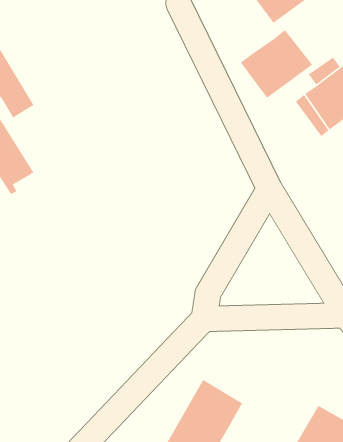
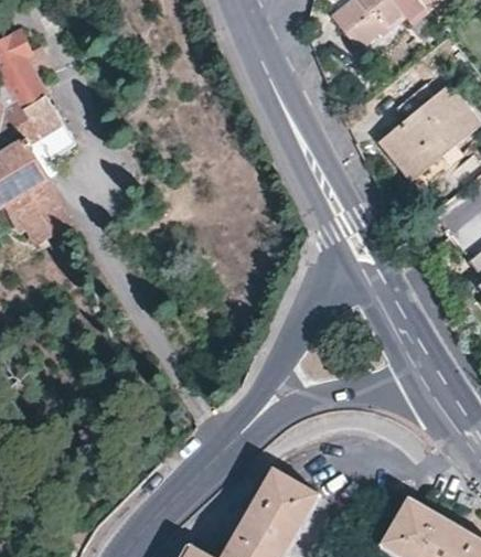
building: [240,29,313,99] -> none

